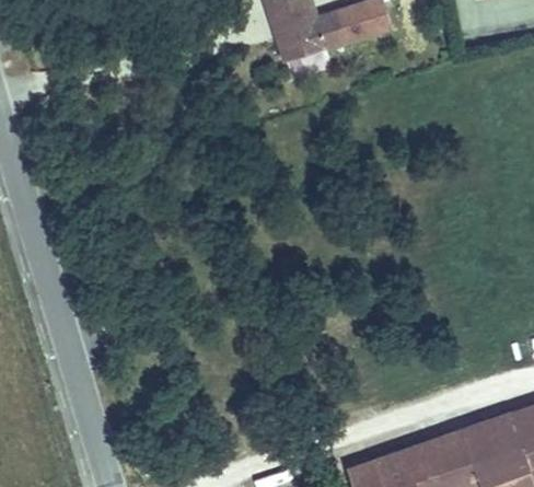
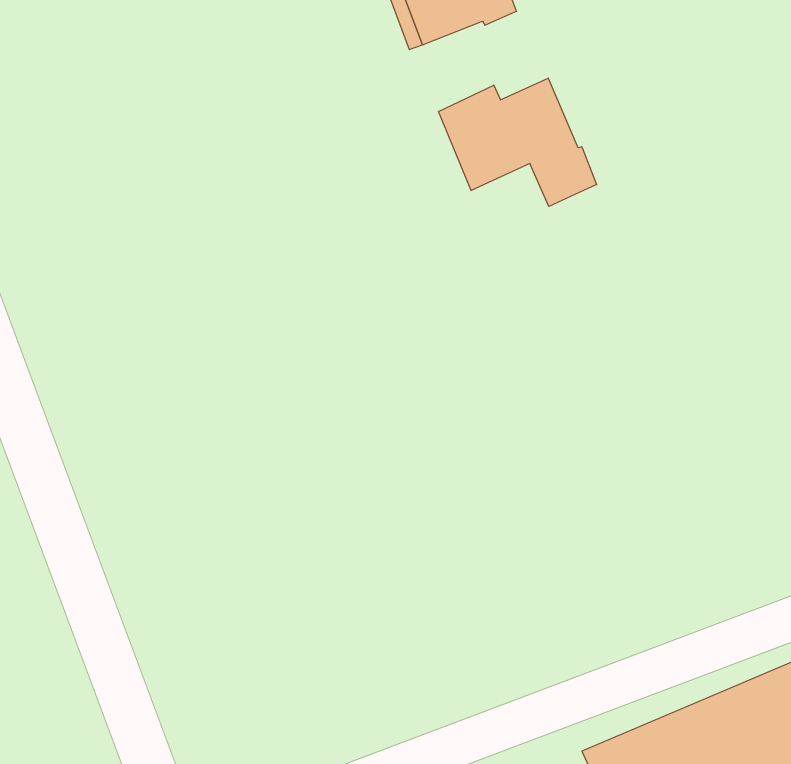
building: none -> [439,78,597,206]

